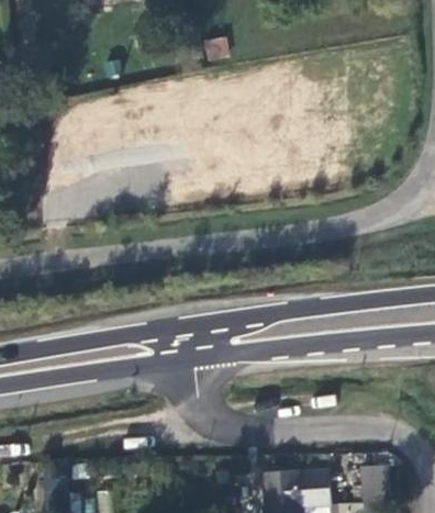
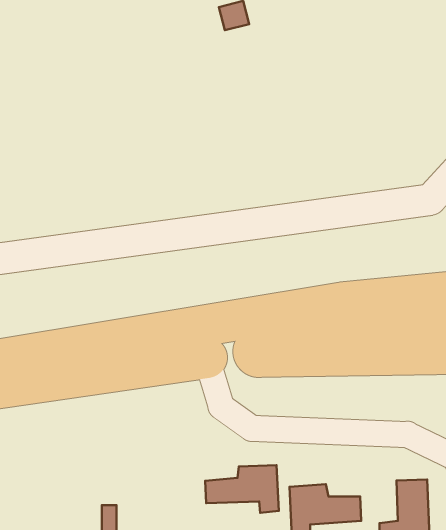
building: none -> [205,465,279,513]

